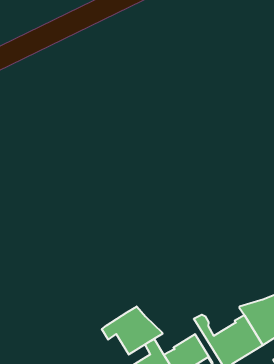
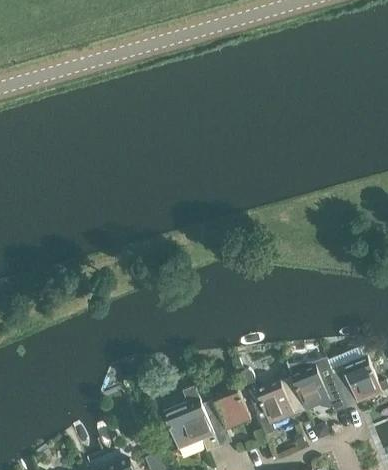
building: [102,306,162,355] -> none

